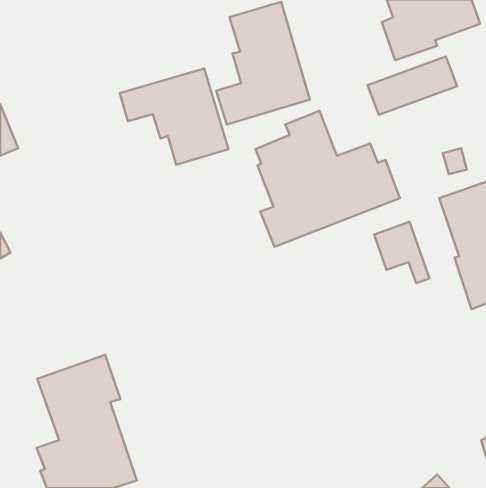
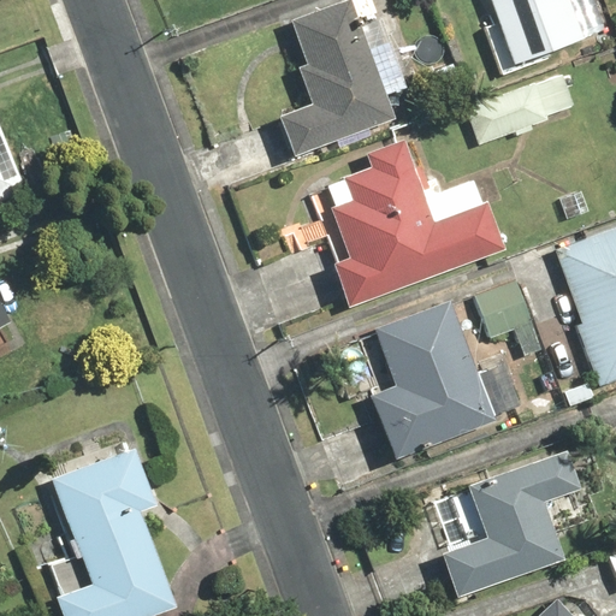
building: [120,68,228,165] -> none
building: none -> [368,302,516,461]
building: none -> [430,449,586,597]

